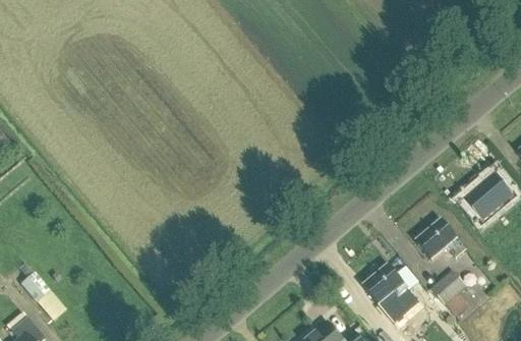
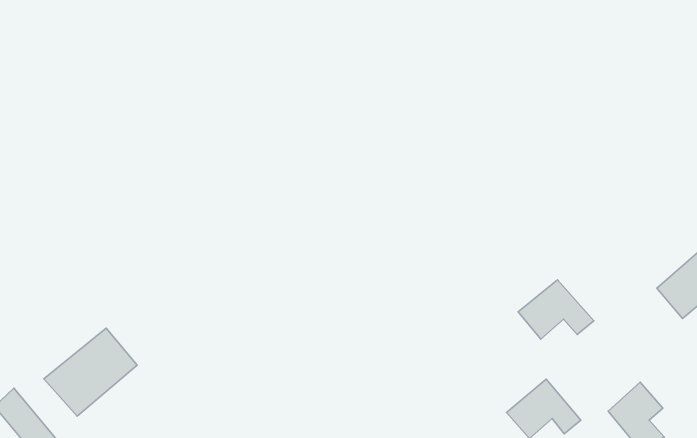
building: [416,221,467,261] -> [518,280,594,339]
building: none -> [44,328,137,416]

